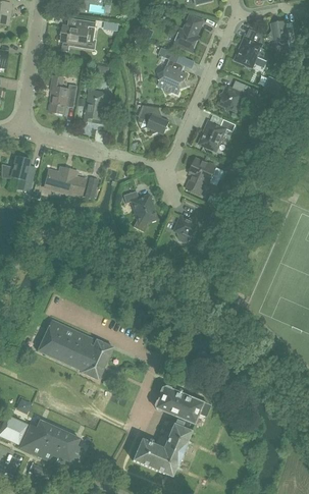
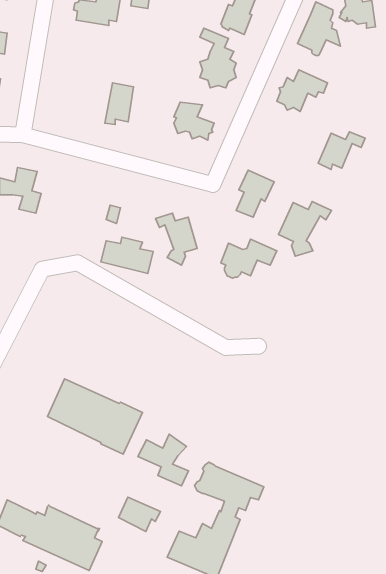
building: [48,74,76,113] -> none
building: [198,118,235,148] -> [318,132,365,170]
building: [43,166,84,195] -> [101,237,153,274]
building: none -> [279,201,332,256]
building: none -> [138,434,188,486]
building: none -> [118,497,160,532]

